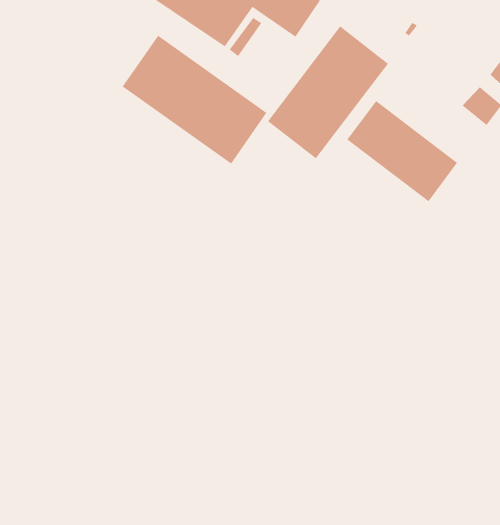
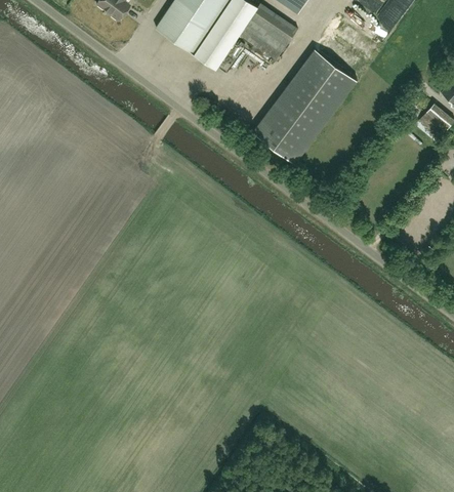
building: [122,35,267,165] -> none
building: [347,100,458,202] -> none

